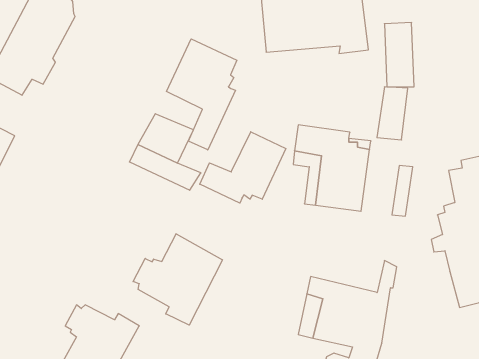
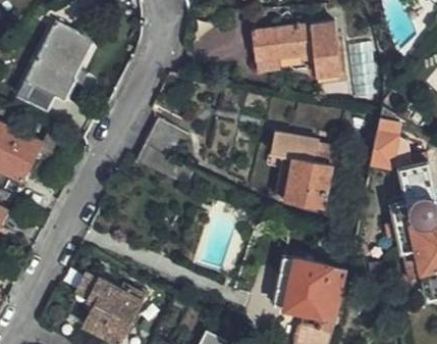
building: [166,39,237,150] -> none
building: [377,87,408,140] -> [375,115,400,159]
building: [200,132,286,203] -> none
building: [133,234,222,325] -> none

